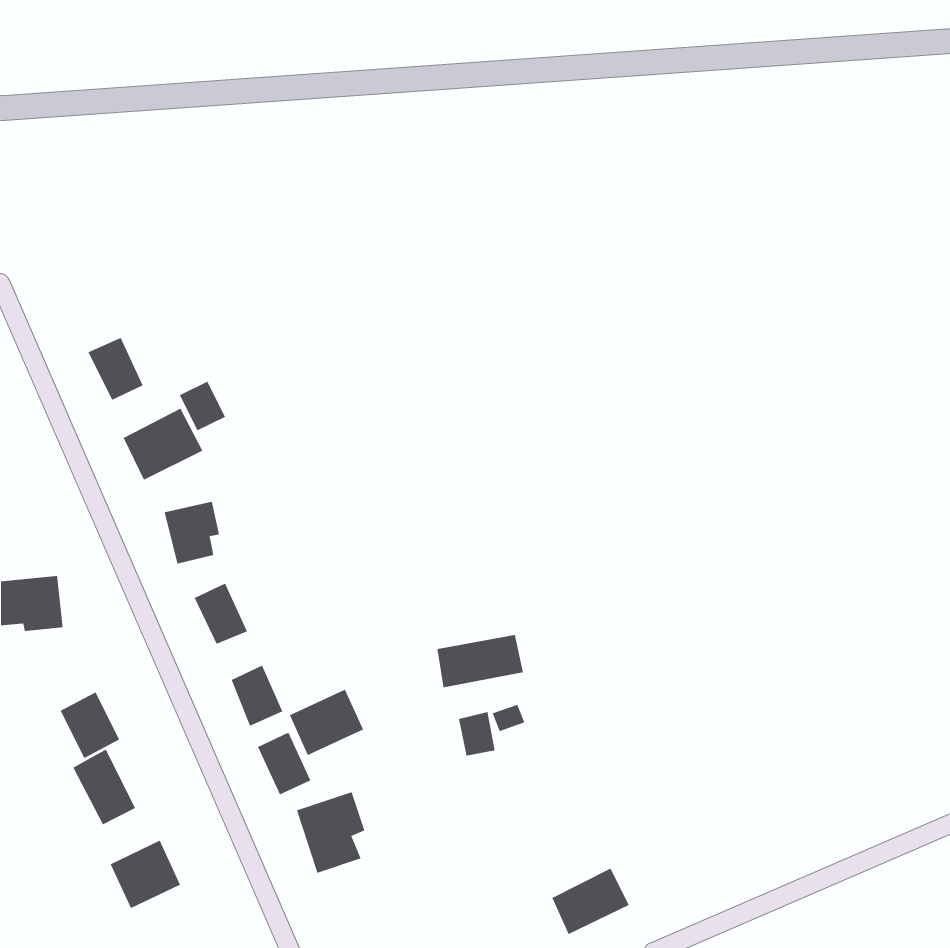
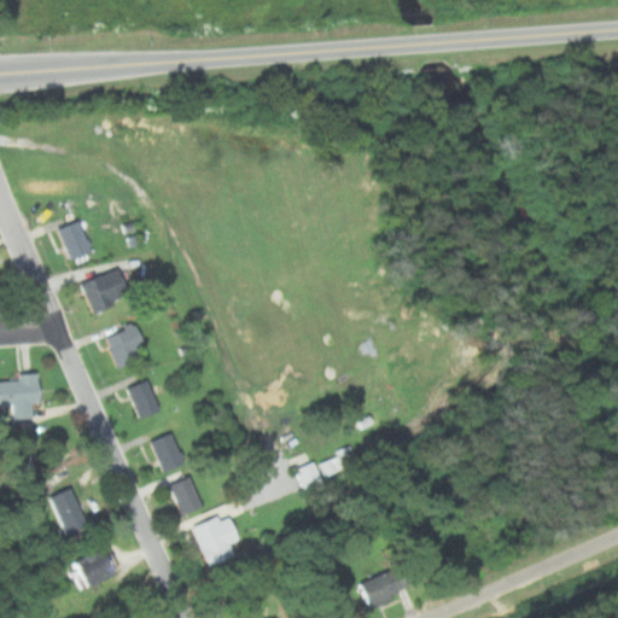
building: [179,381,226,431] -> none
building: [437,634,524,688] -> none
building: [289,689,364,756] -> none
building: [60,691,120,759] -> none

